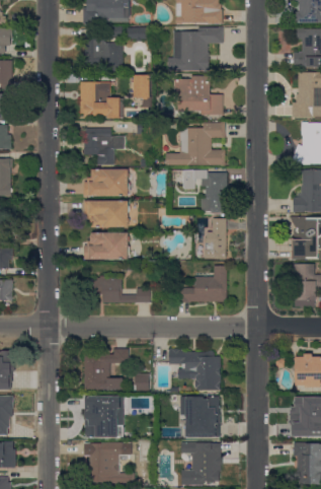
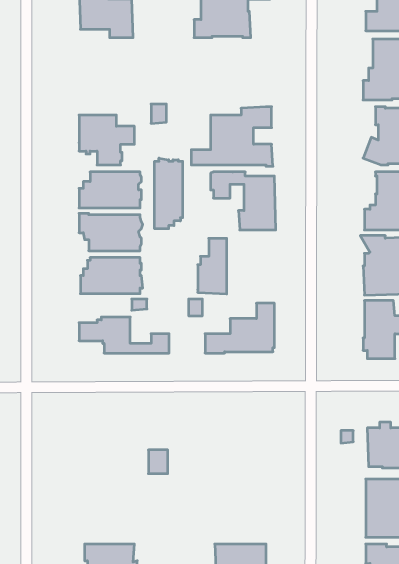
building: [129,74,151,108] -> none
building: [174,75,222,115] -> none
building: [79,82,122,118] -> none
building: none -> [155,158,183,229]
building: [204,218,225,259] -> [198,238,227,294]
building: [83,348,128,390] -> none
building: [168,348,220,390] -> none
building: [184,395,220,438] -> none
building: [83,396,122,437] -> none

